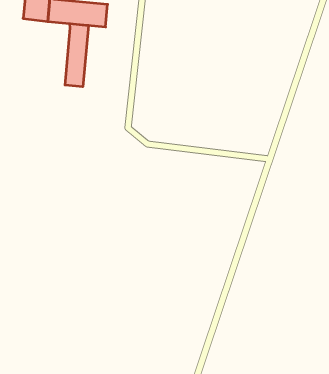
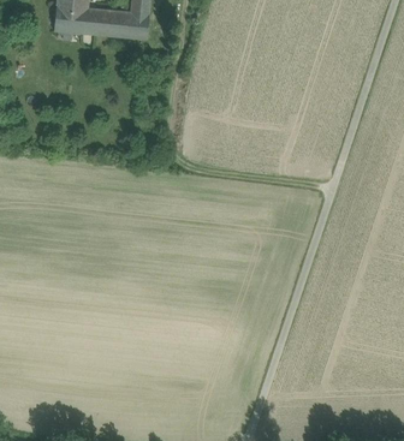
building: [65,24,88,87] -> none

